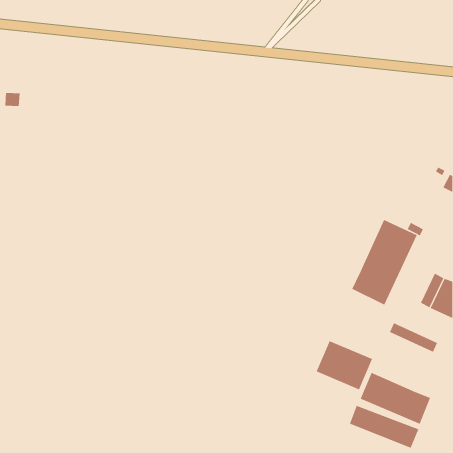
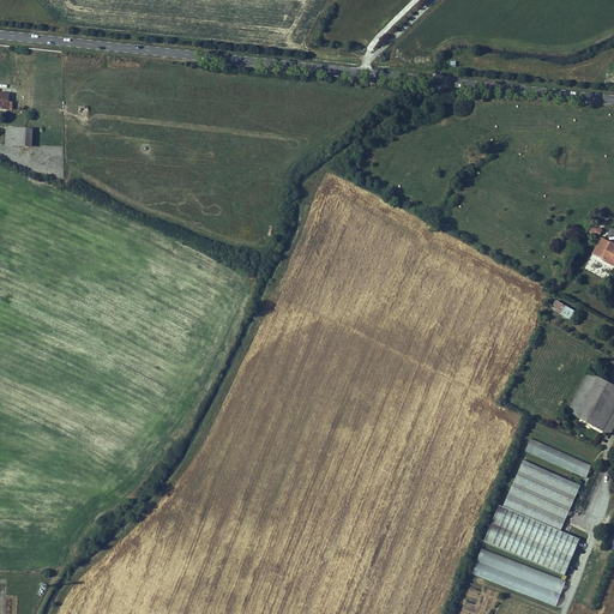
building: [351,219,418,306] -> none
building: [316,340,373,390] -> [505,459,582,526]

